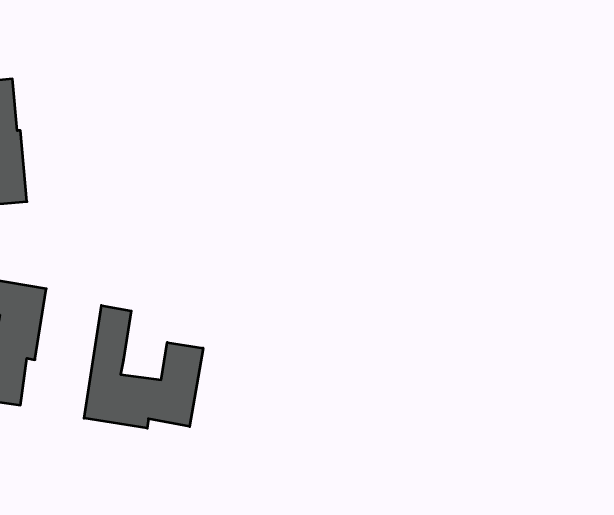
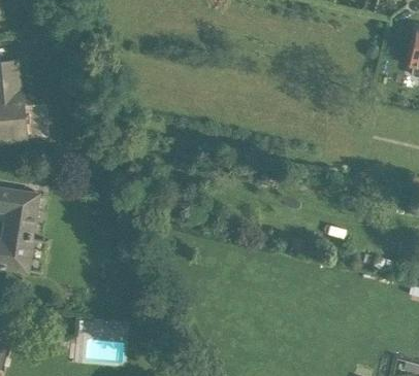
building: [84,305,203,428] -> none

